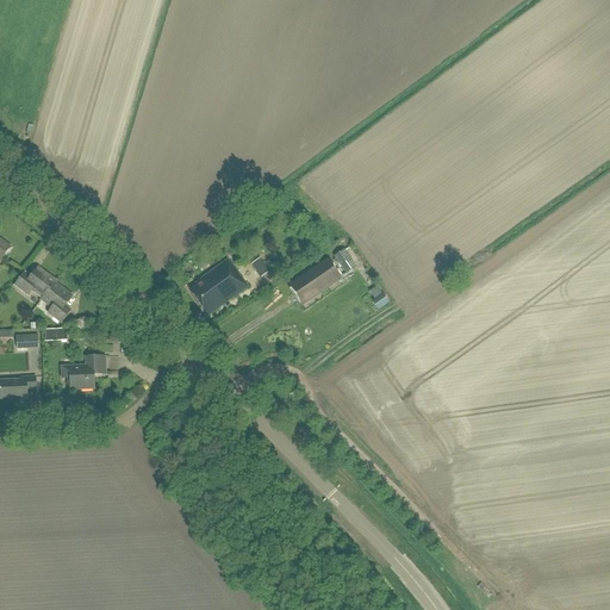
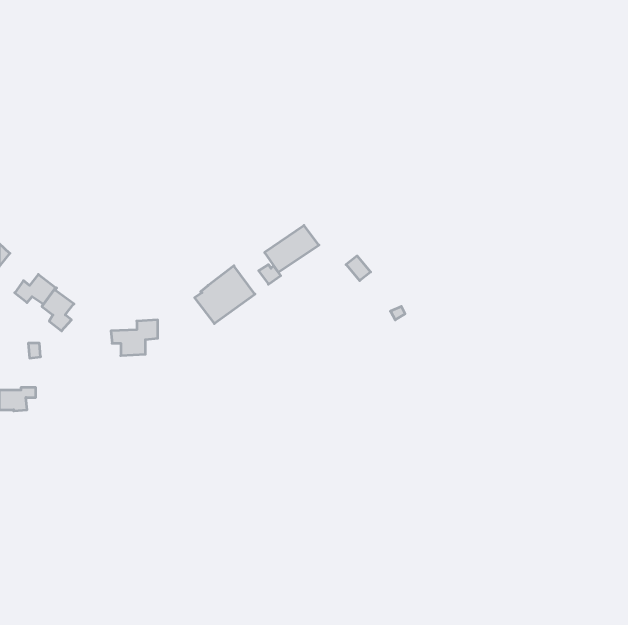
building: [288,257,341,303] -> [265,225,319,272]
building: [60,354,105,388] -> [111,320,158,356]

